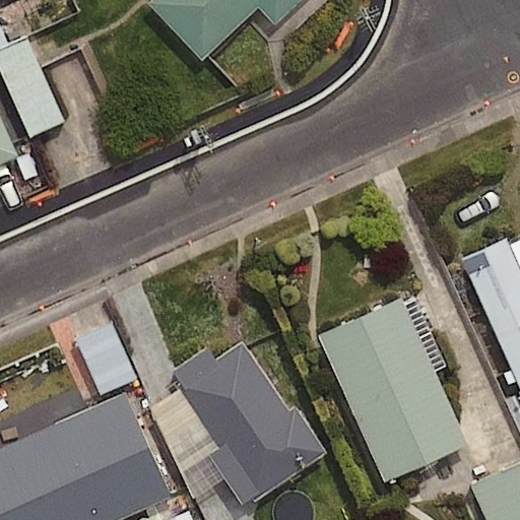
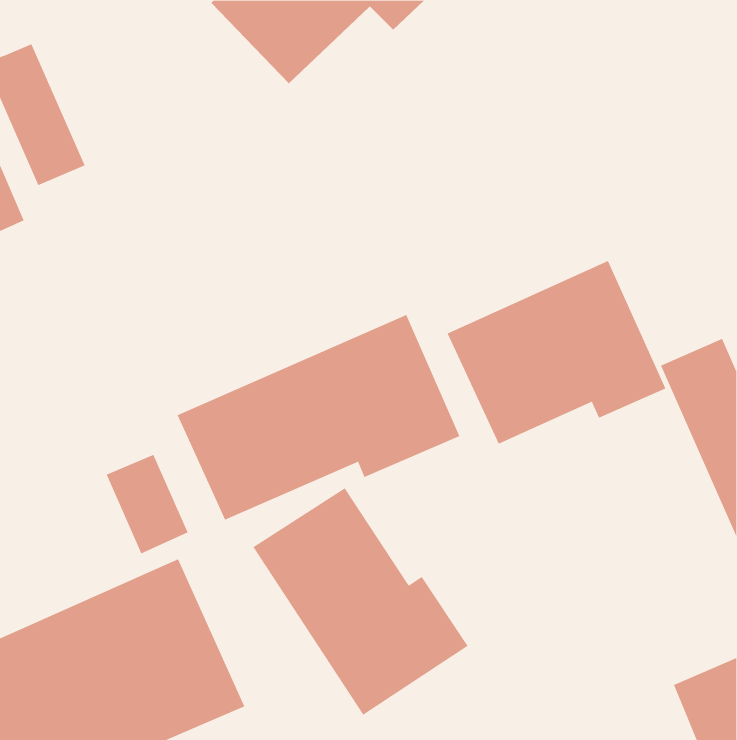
building: none -> [447,260,666,445]
building: none -> [177,314,460,521]
building: [319,298,467,480] -> none

